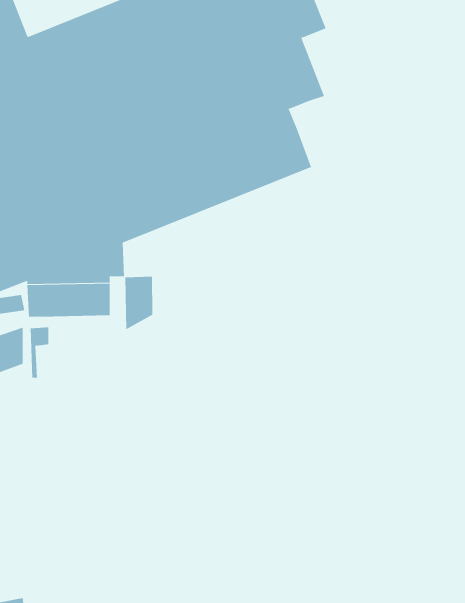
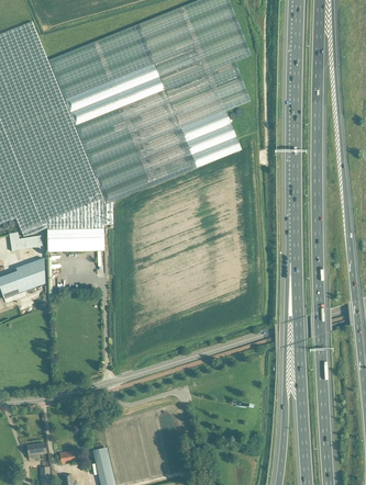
building: [125,276,153,330] -> none

